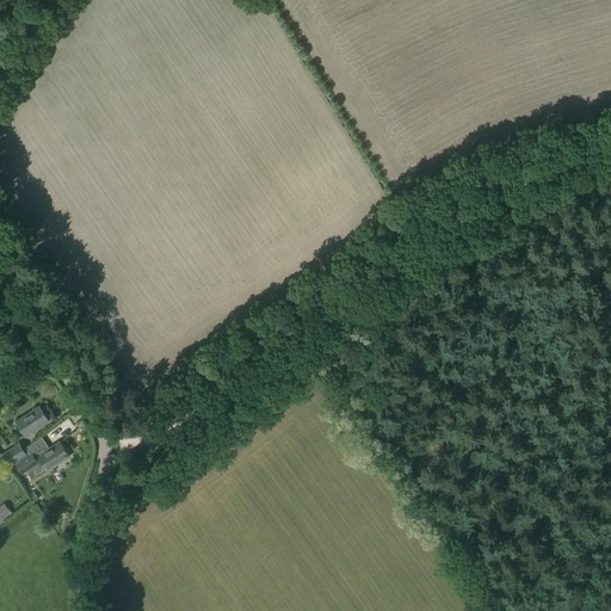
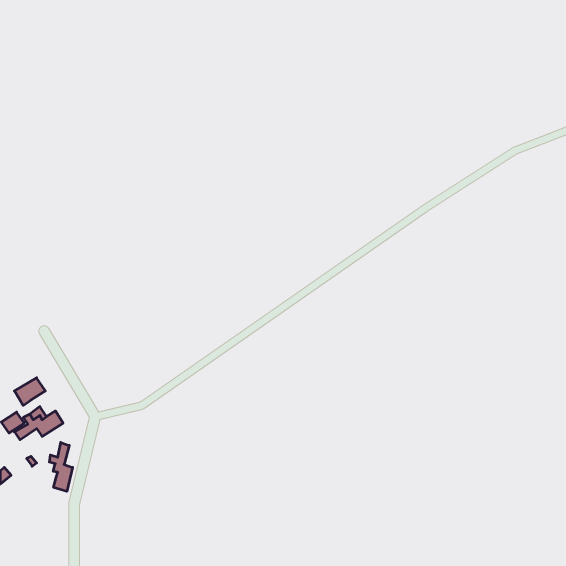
building: none -> [49,442,73,491]

